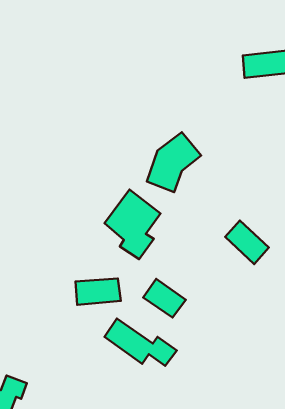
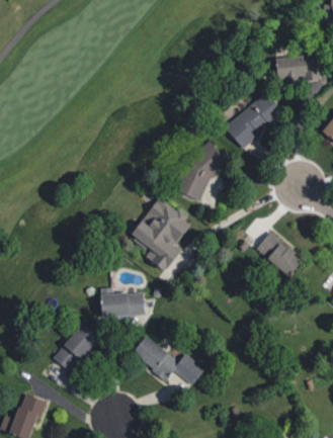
building: none -> [225,92,282,146]
building: [143,279,186,317] -> none
building: none -> [54,323,97,369]

